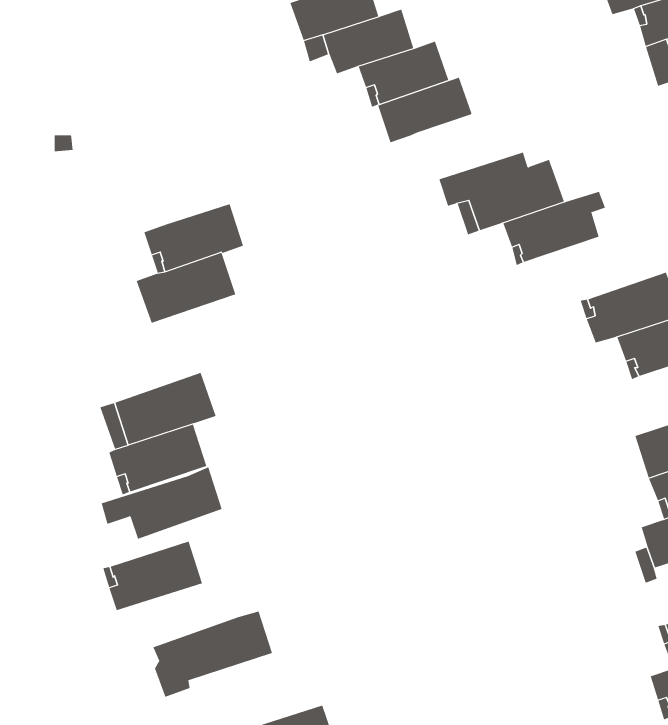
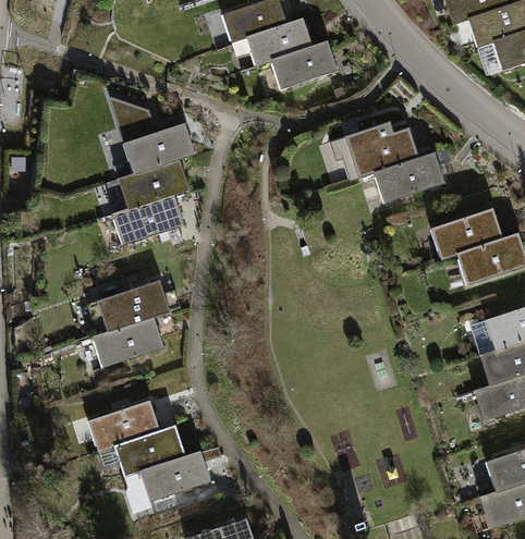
building: [378,77,472,143] -> none
building: none -> [111,96,194,173]
building: [101,467,223,540] -> [98,424,185,476]

